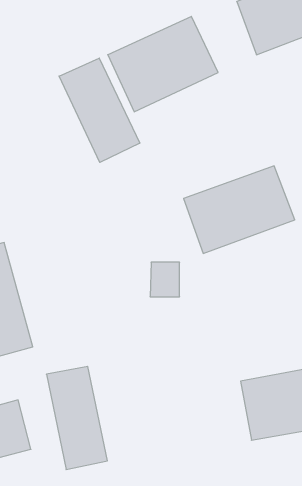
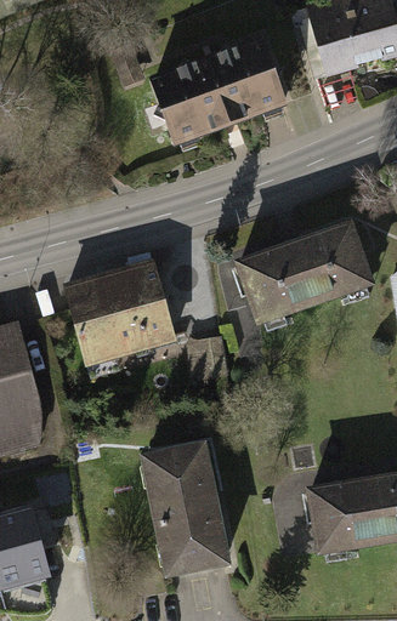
building: [59,58,140,162] -> none
building: none -> [64,253,177,366]
building: [46,366,107,470] -> [147,439,222,566]

